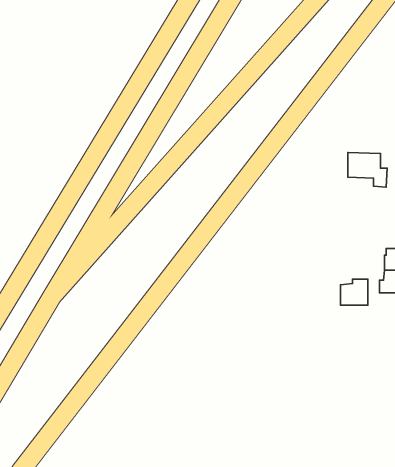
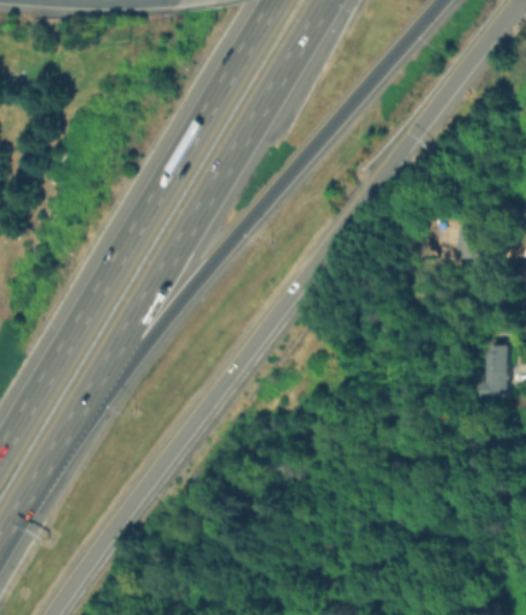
building: [340,279,368,305] -> none

